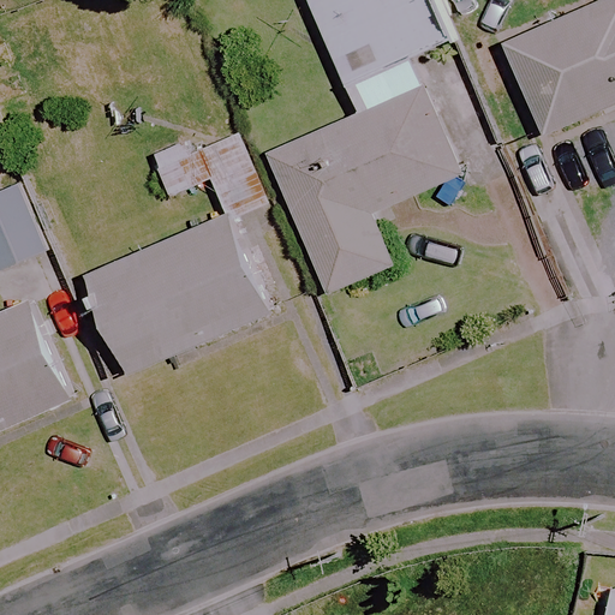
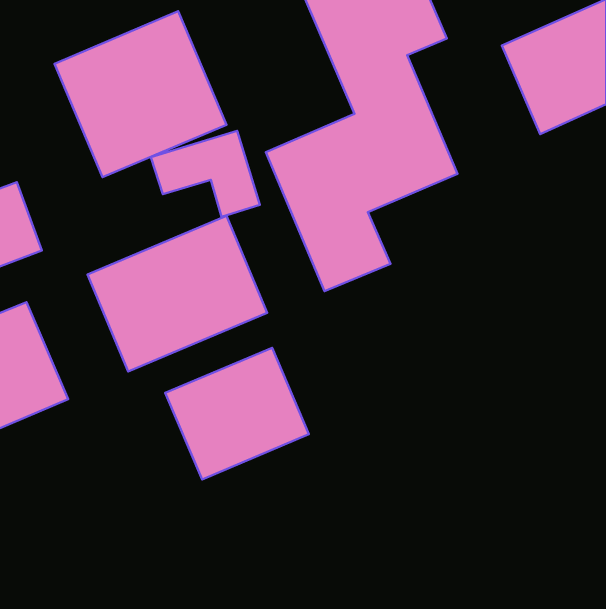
building: none -> [54,11,226,177]
building: none -> [165,348,309,479]

